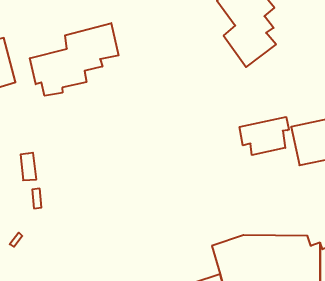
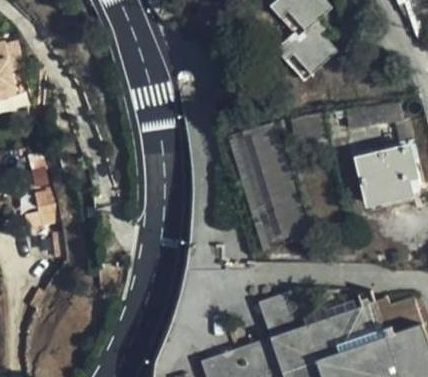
building: [30,23,119,96] -> none
building: [240,117,289,155] -> none

